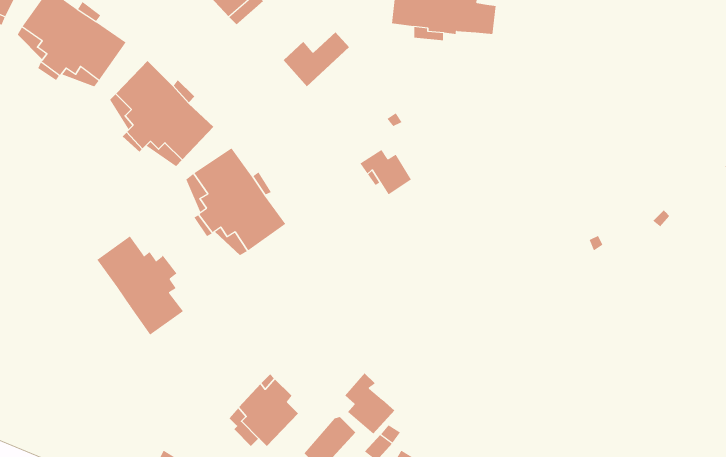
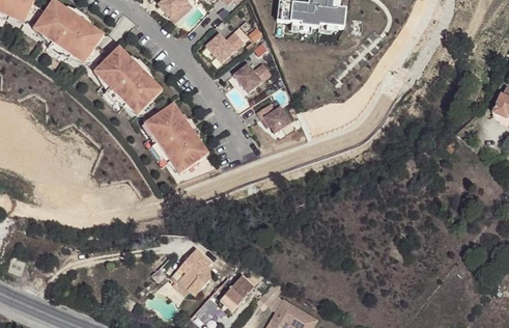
building: none -> [232,61,271,91]
building: [96,235,184,336] -> none
building: [344,373,395,435] -> none

